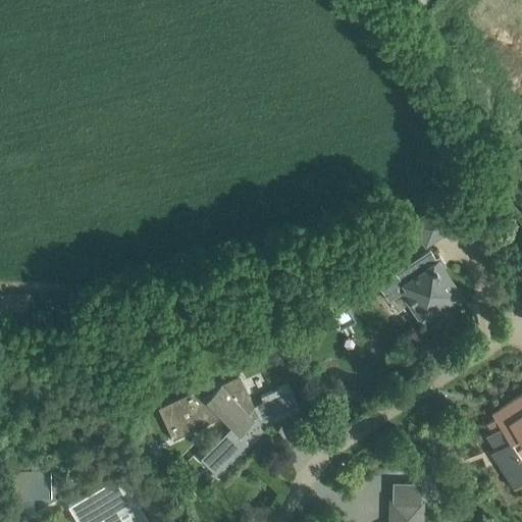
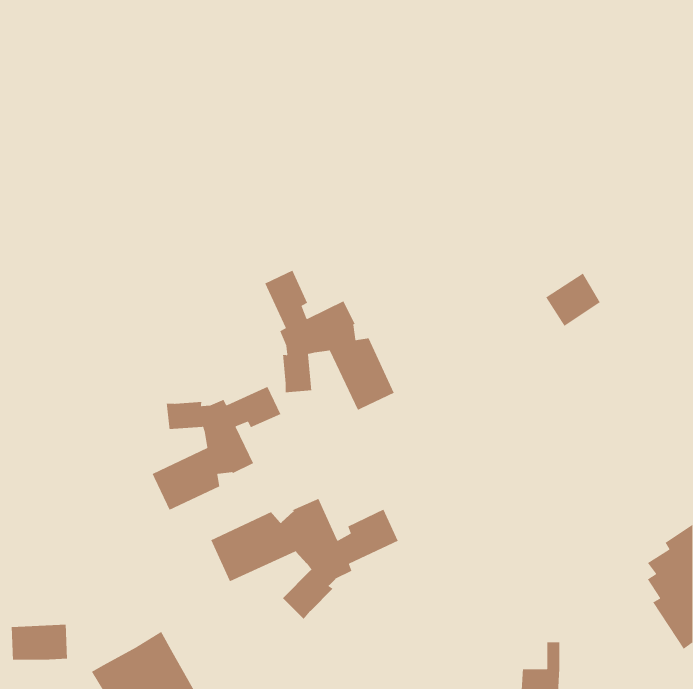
building: none -> [264,269,395,412]
building: [371,252,460,324] -> none
building: none -> [151,386,281,511]

